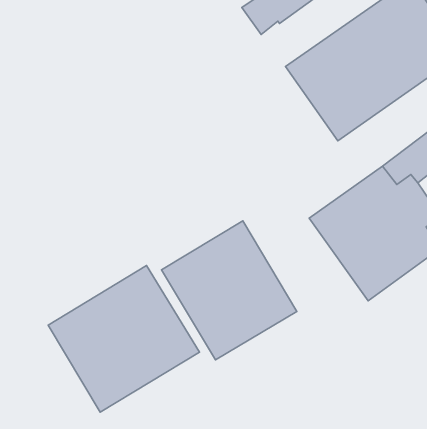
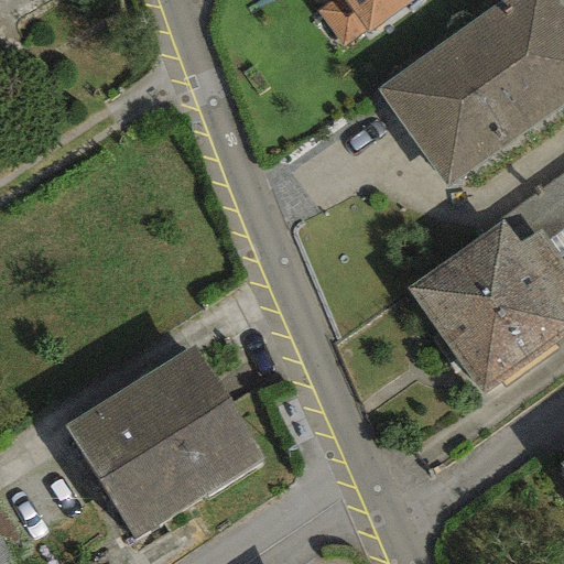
building: [161,221,297,360] -> none

